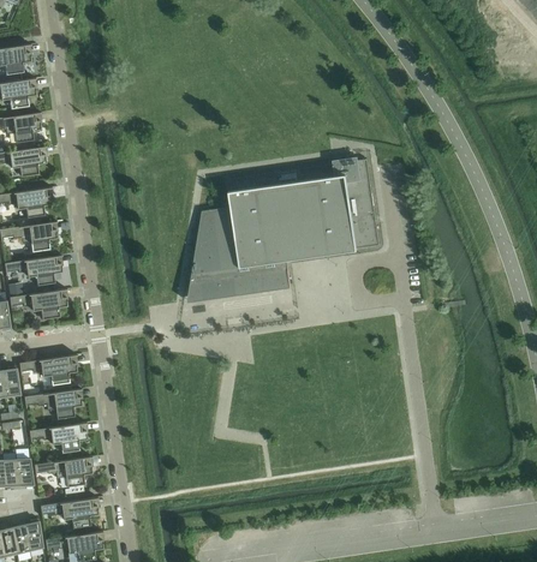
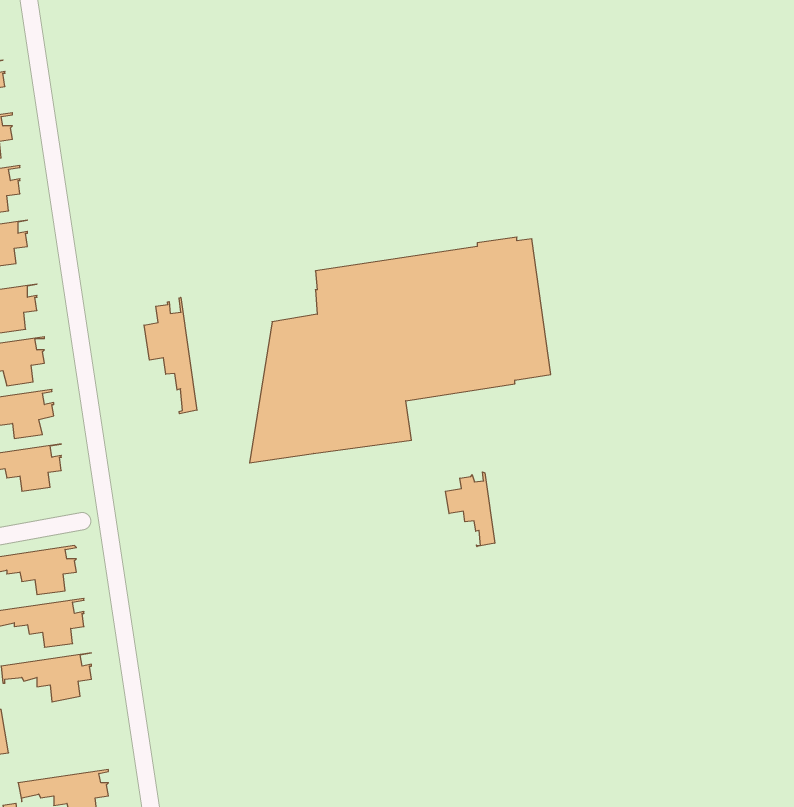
building: none -> [144,297,197,414]
building: none -> [445,472,495,547]
building: [34,456,91,488] -> none

